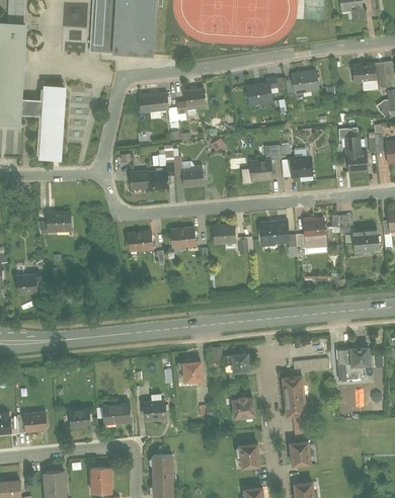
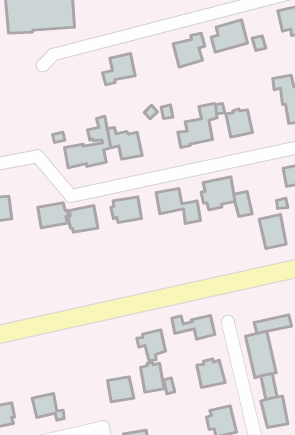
building: [138,92,177,124] -> none
building: [302,218,325,249] -> [259,214,286,249]
building: none -> [38,203,68,228]
building: none -> [140,363,164,392]
building: [95,403,130,425] -> none

